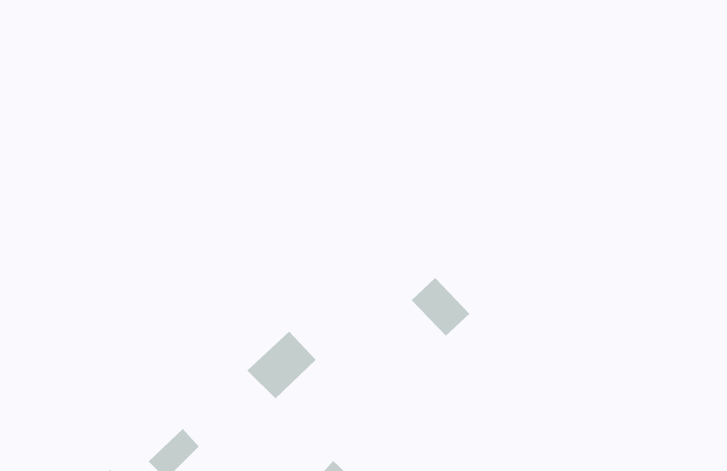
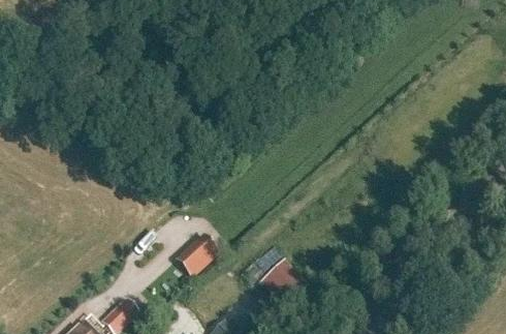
building: [411,277,470,337] -> [270,260,310,300]

